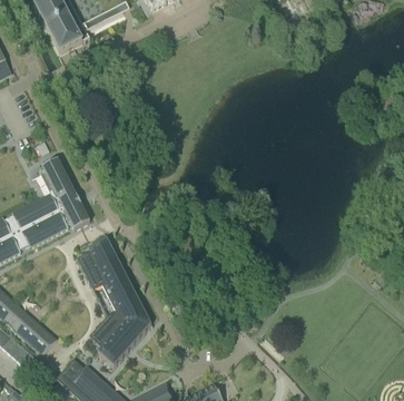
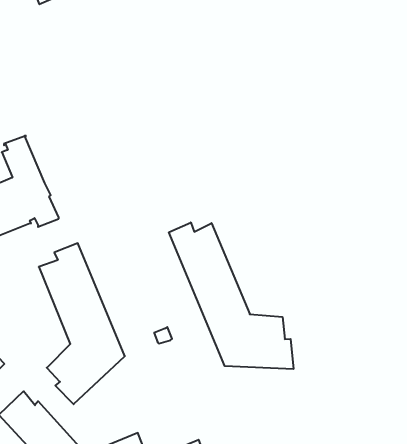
building: none -> [169,222,293,369]

